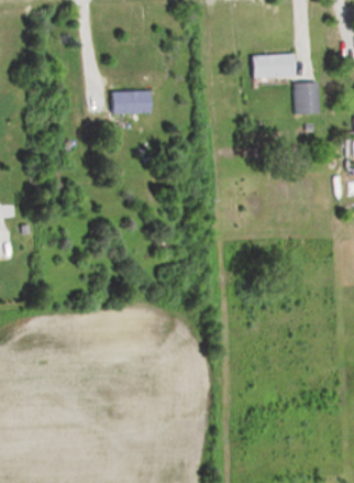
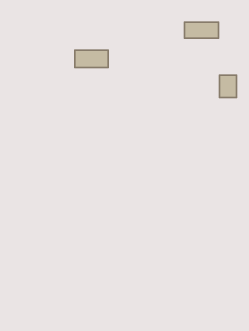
building: [296,84,318,112] -> [219,75,237,97]

